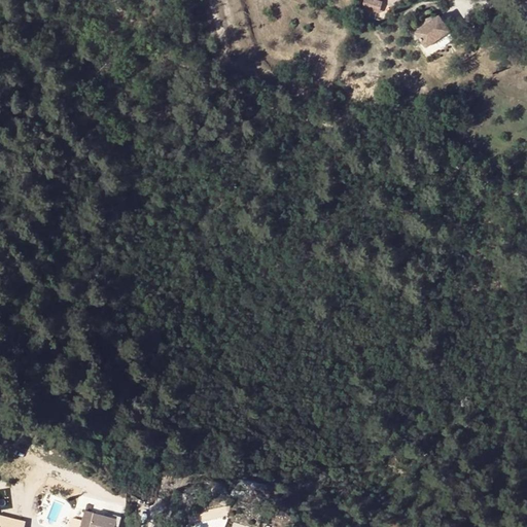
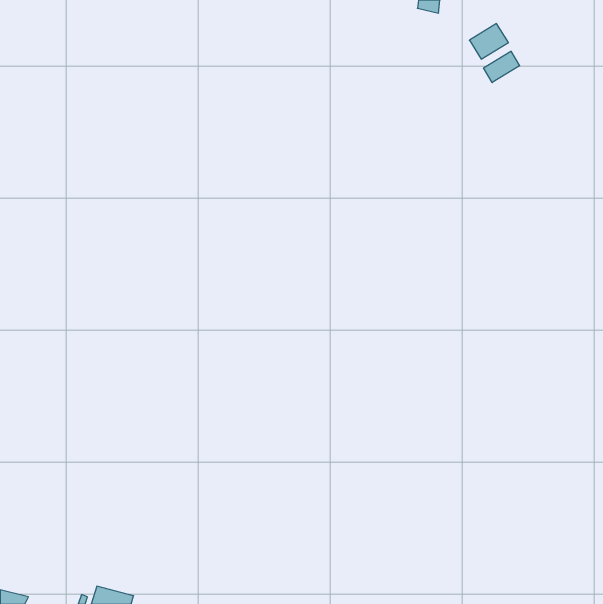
building: none -> [484,51,520,83]

